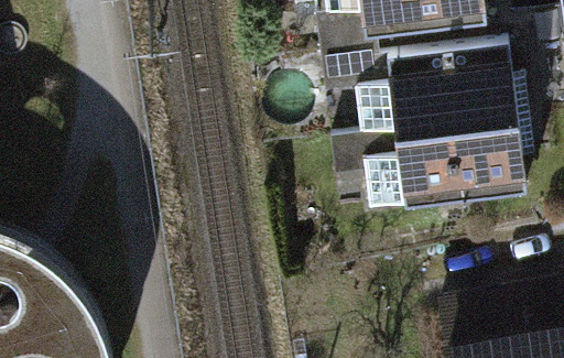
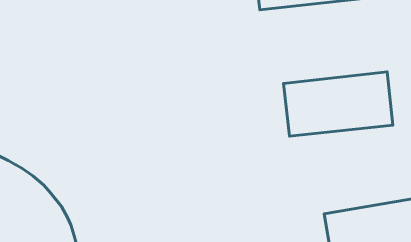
building: [367,59,509,143] -> none

